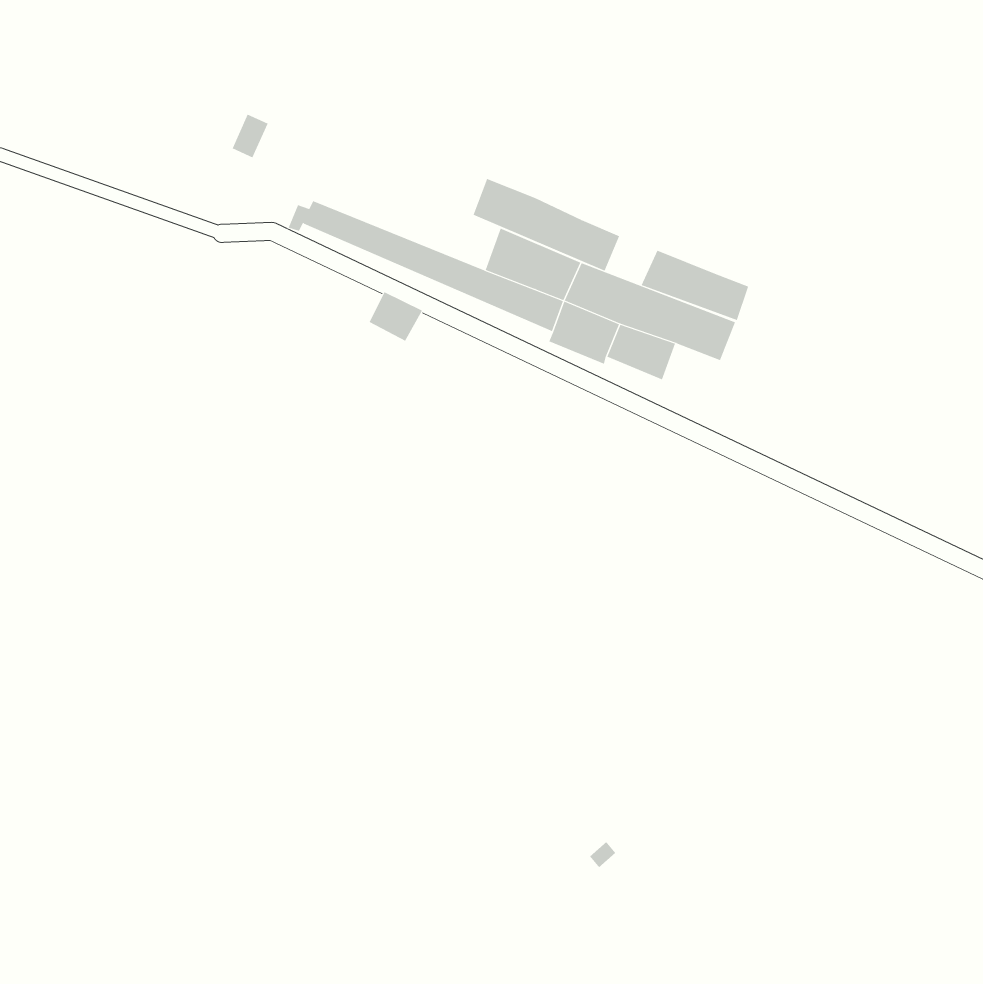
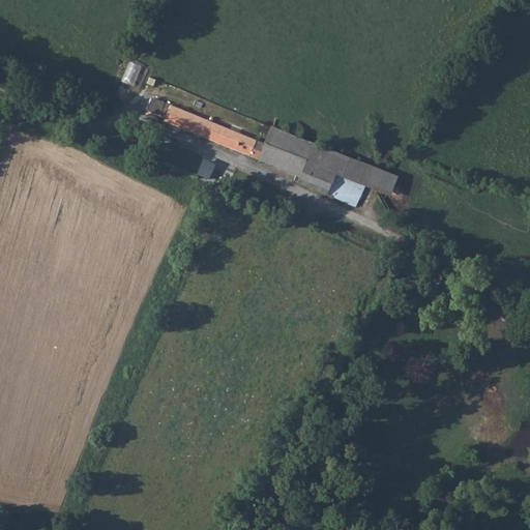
building: [473,178,620,272] -> none
building: [641,250,749,321] -> none

